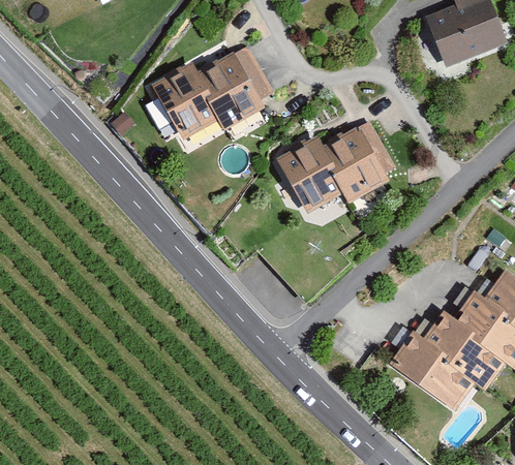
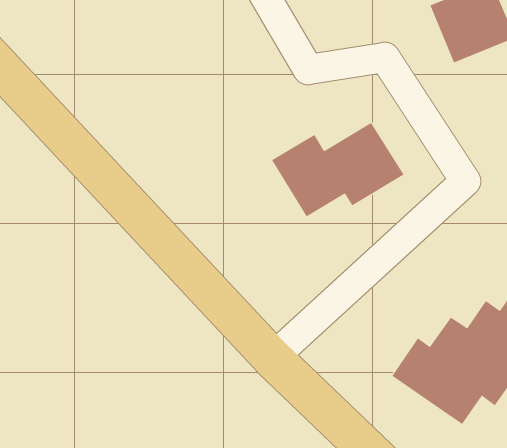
building: [146,46,278,141] -> none

